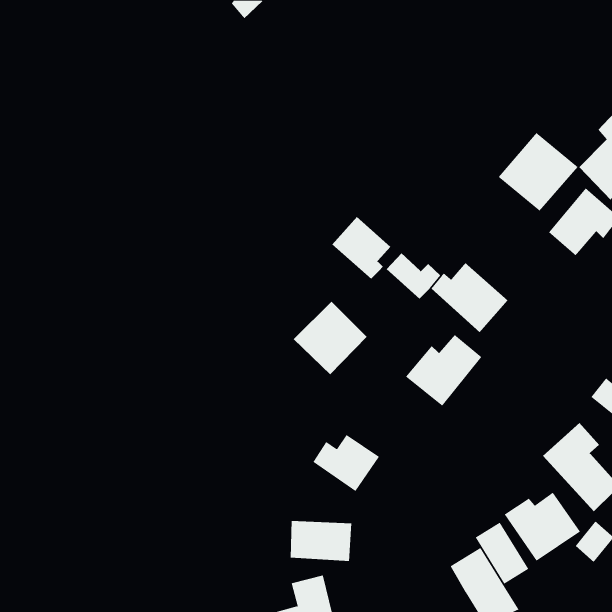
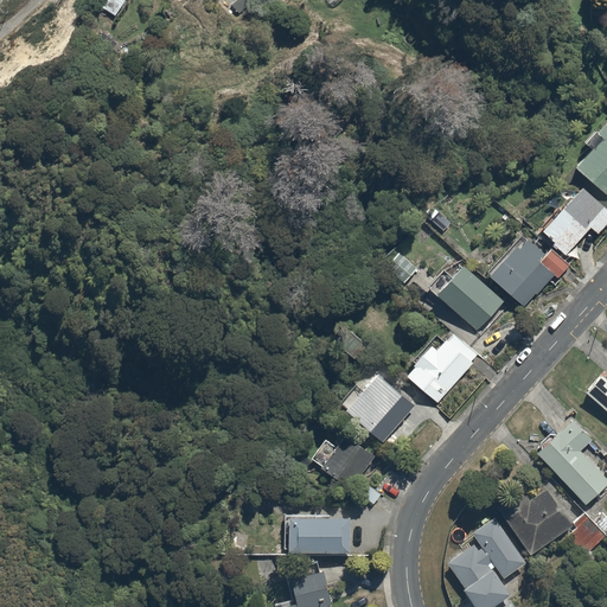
building: [498,132,578,212] -> [488,231,568,309]
building: [331,216,391,280] -> none
building: [293,301,367,375] -> [345,371,418,445]

